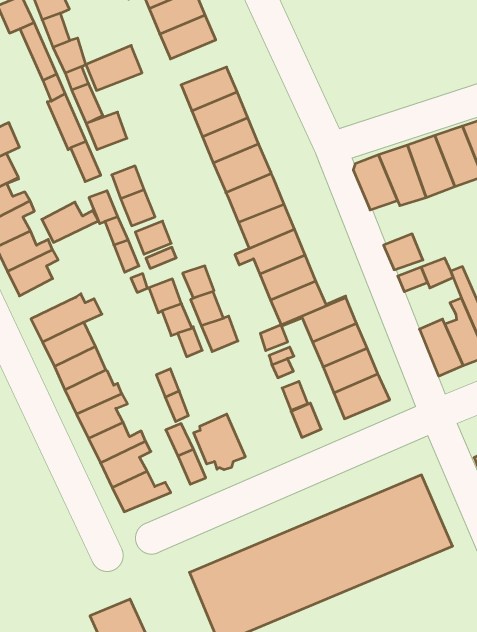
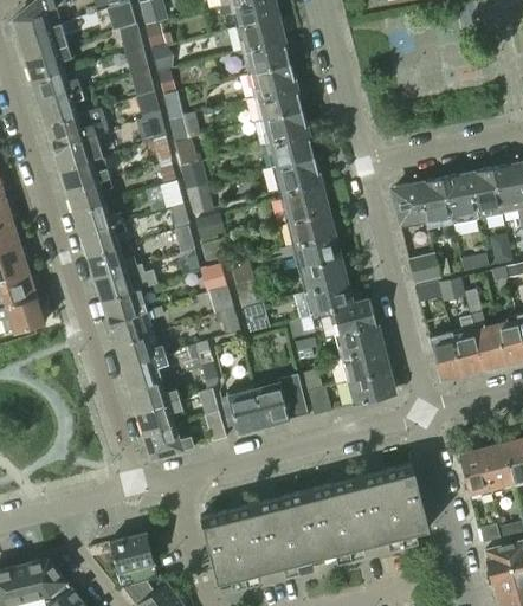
building: [86,45,142,90] -> [248,63,296,97]
building: [42,202,98,242] -> [89,247,137,279]
building: none -> [252,374,308,425]

